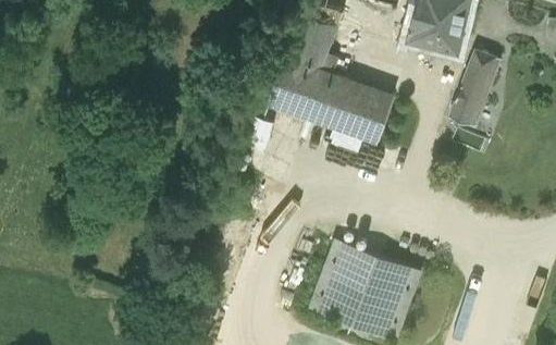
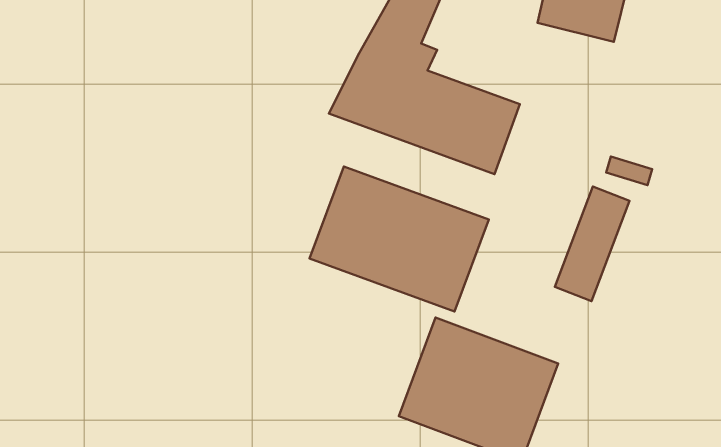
building: [448,50,499,128] -> [555,186,630,301]
building: none -> [309,167,489,312]

